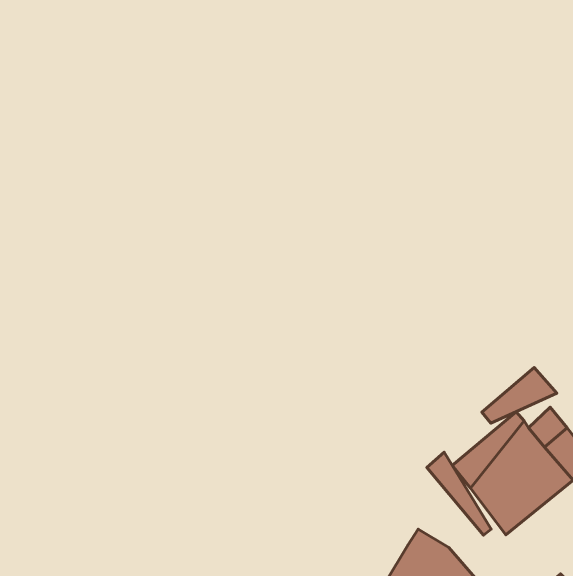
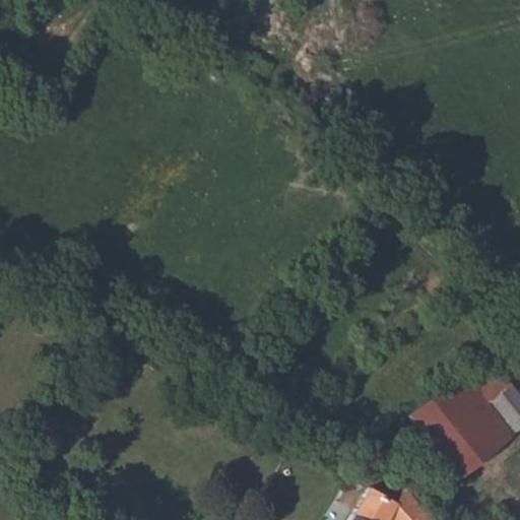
building: [482,367,557,423] -> none
building: [427,452,491,535] -> none

